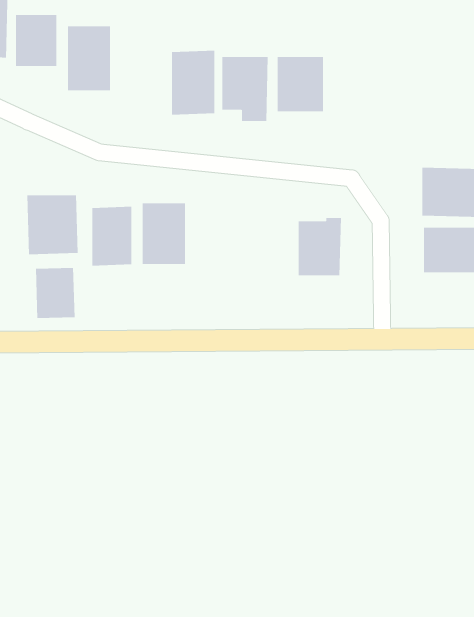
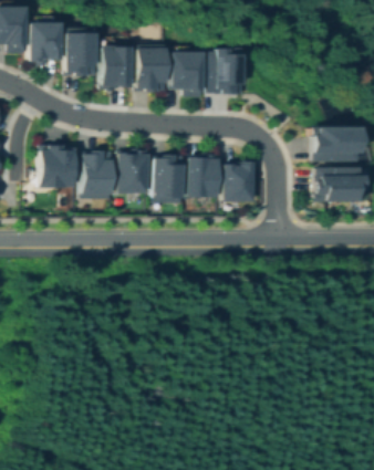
building: none -> [103,46,133,86]
building: none -> [190,154,219,197]
building: none -> [154,155,185,201]
building: [36,267,75,319] -> none

